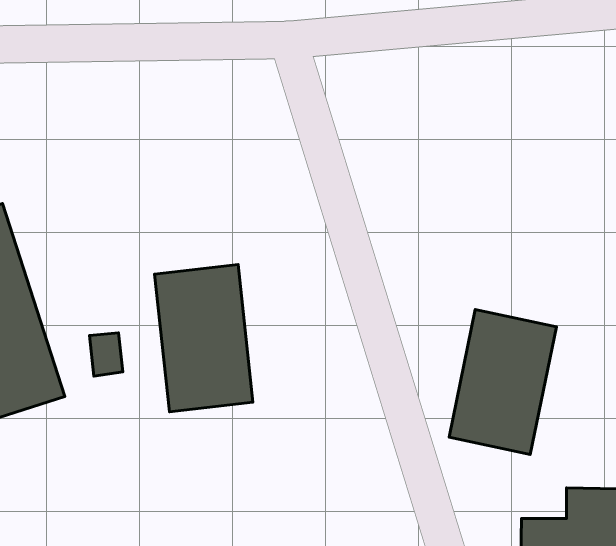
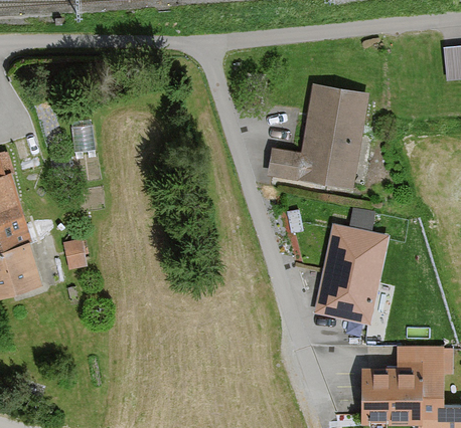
building: none -> [267,83,371,192]
building: [155,264,253,412] -> none

